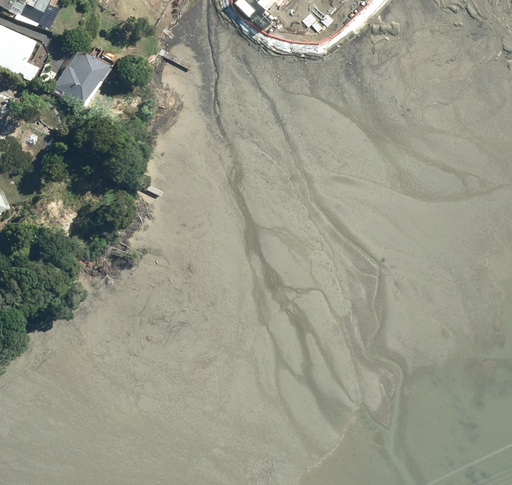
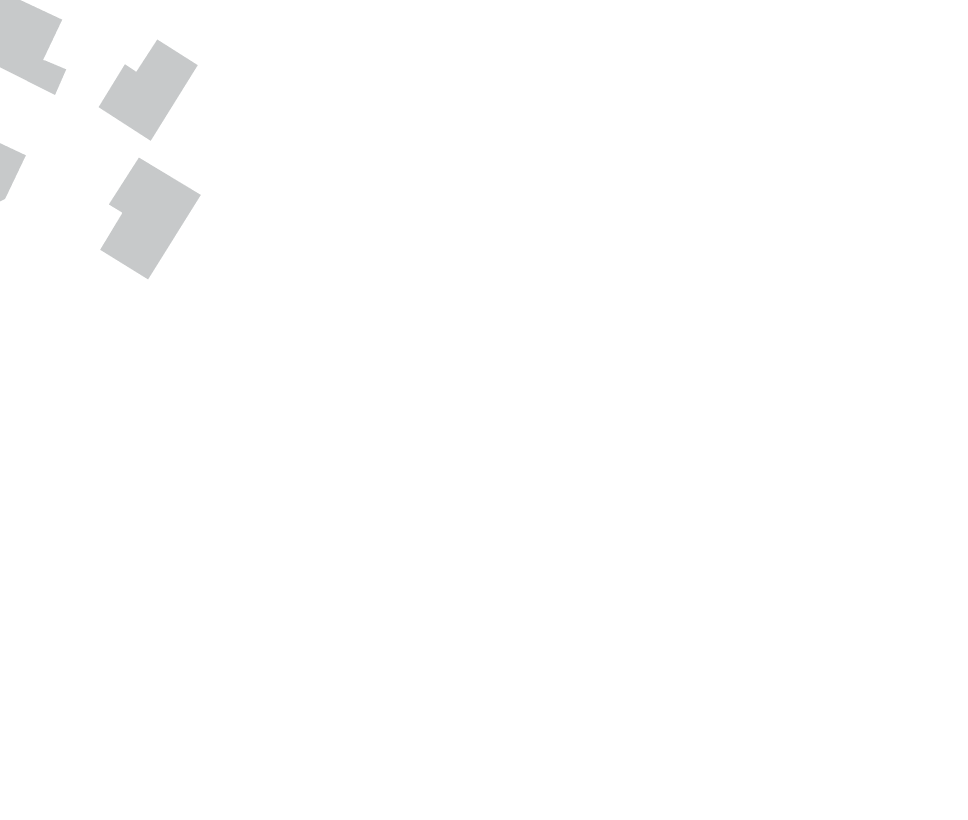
building: none -> [99,156,202,280]

